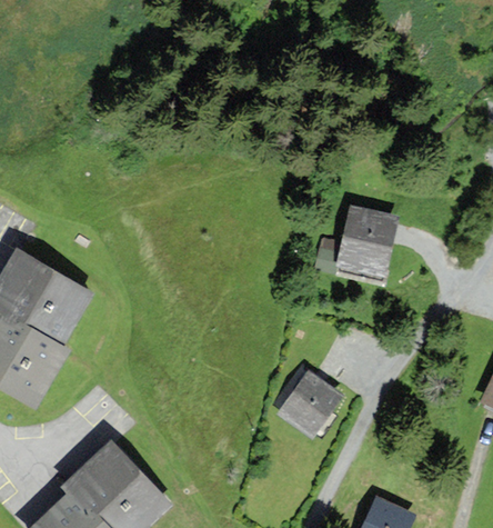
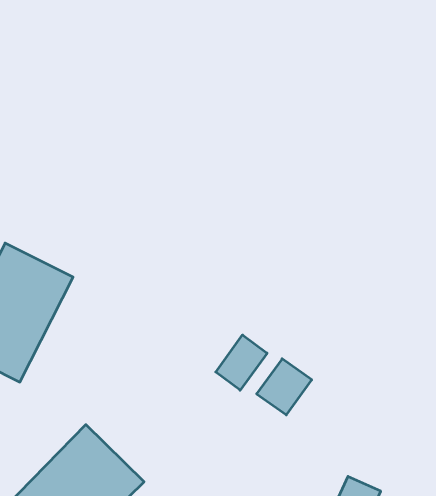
building: [339,207,394,272] -> none
building: none -> [216,335,267,390]

